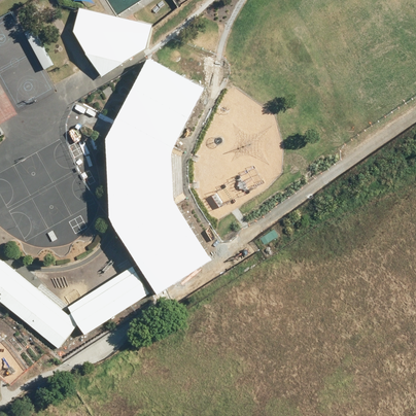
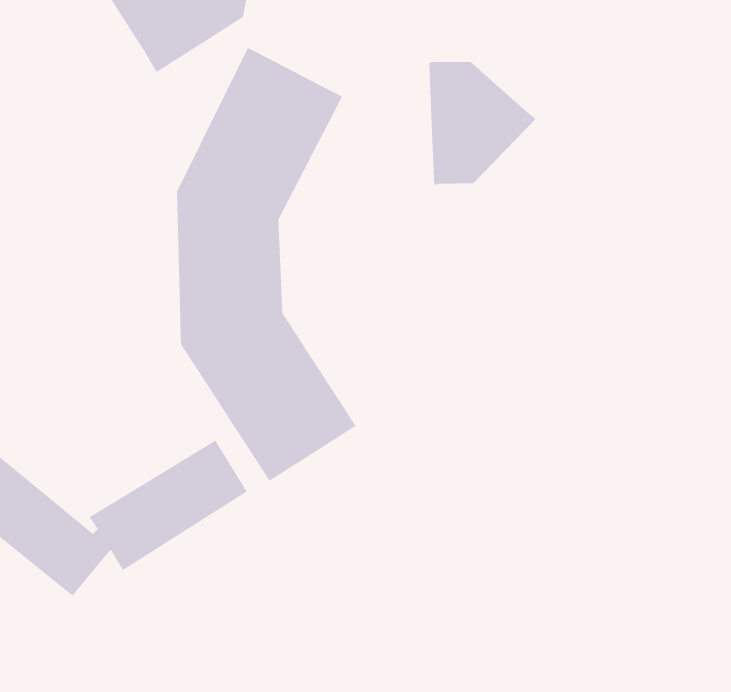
building: none -> [429,61,536,185]

